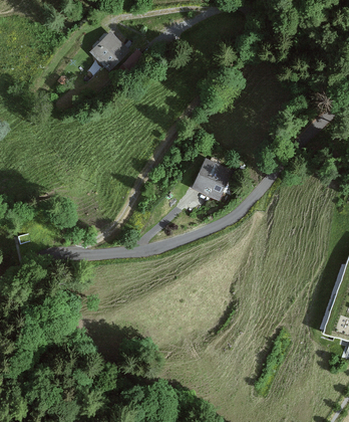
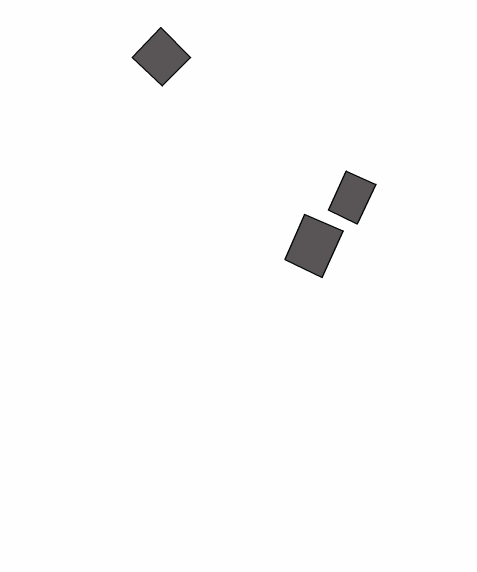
building: none -> [329,171,376,224]

